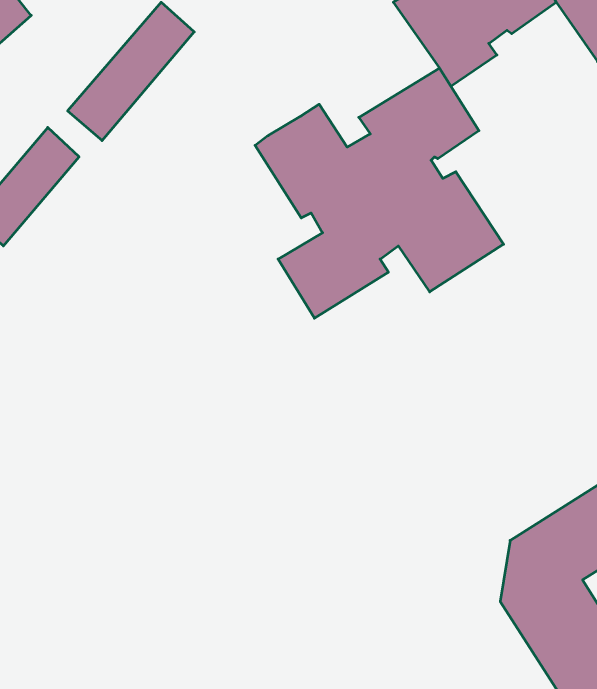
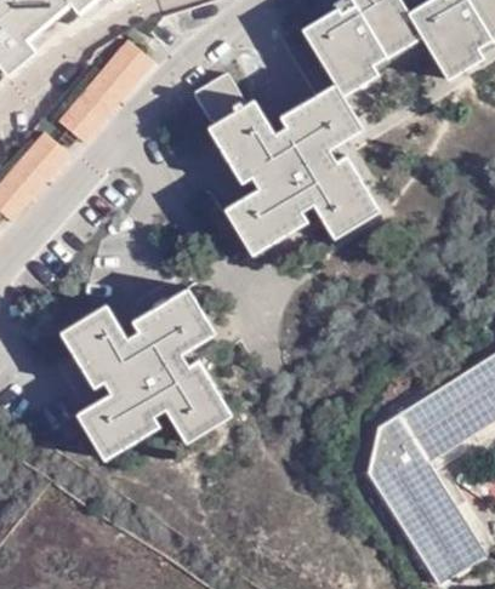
building: none -> [189,79,235,127]
building: none -> [49,294,227,468]

